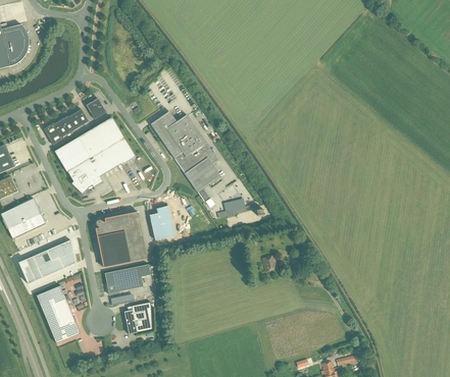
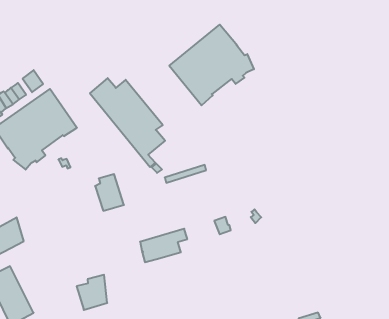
building: none -> [169,25,254,105]
building: [95,212,147,267] -> none
building: [104,264,150,293] -> [140,229,187,262]

